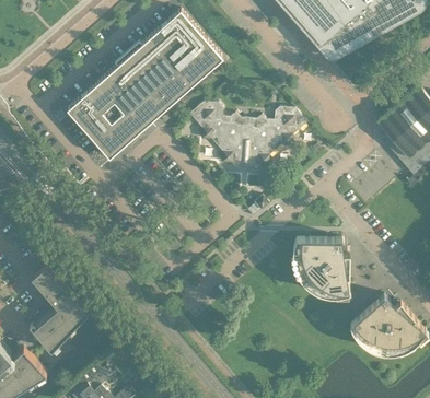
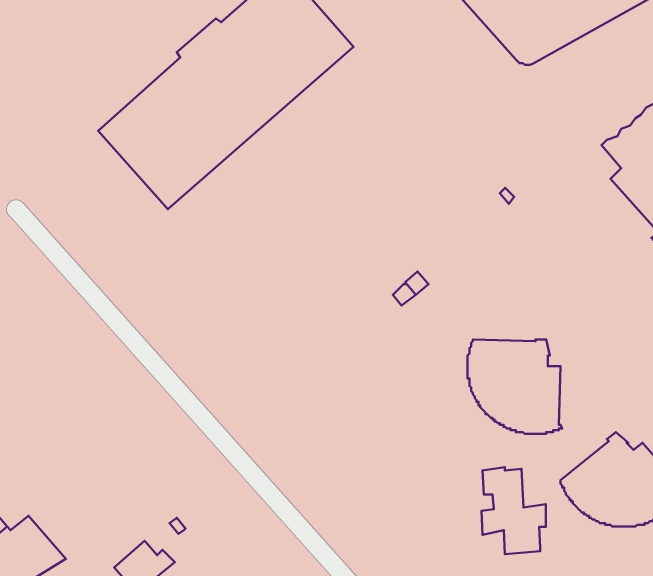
building: [190,103,307,169] -> none
building: [30,266,88,352] -> none
building: none -> [482,467,546,554]

